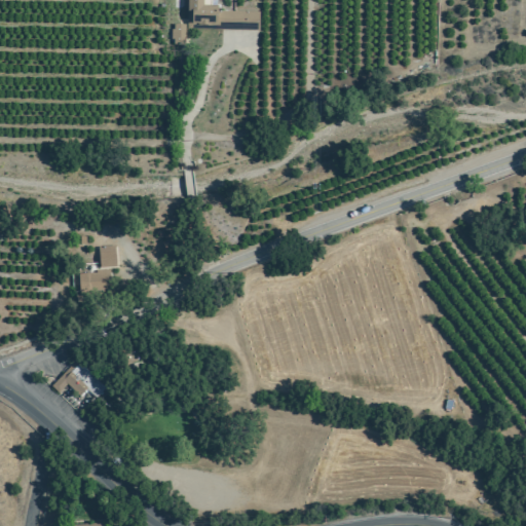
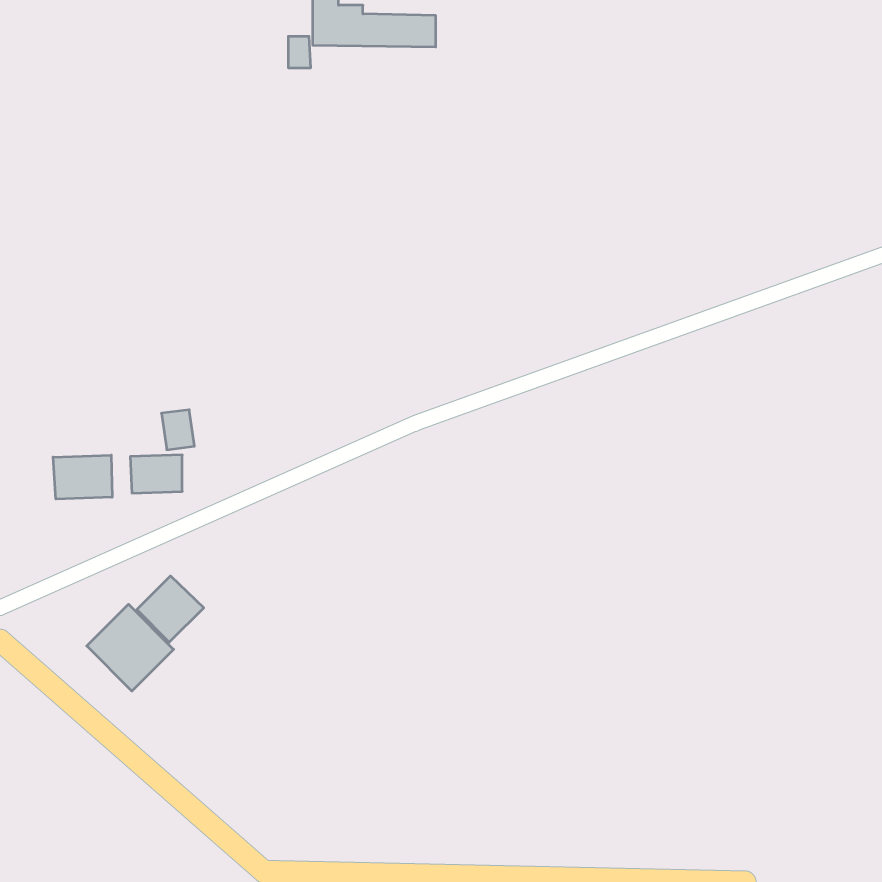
building: none -> [53,455,112,499]
building: none -> [137,576,204,642]

